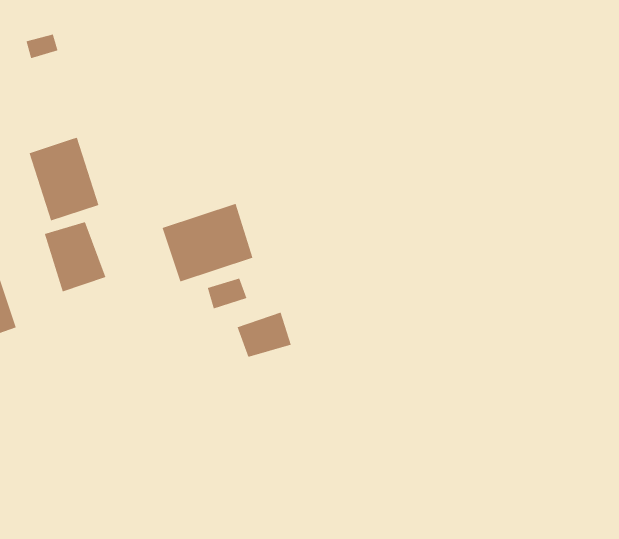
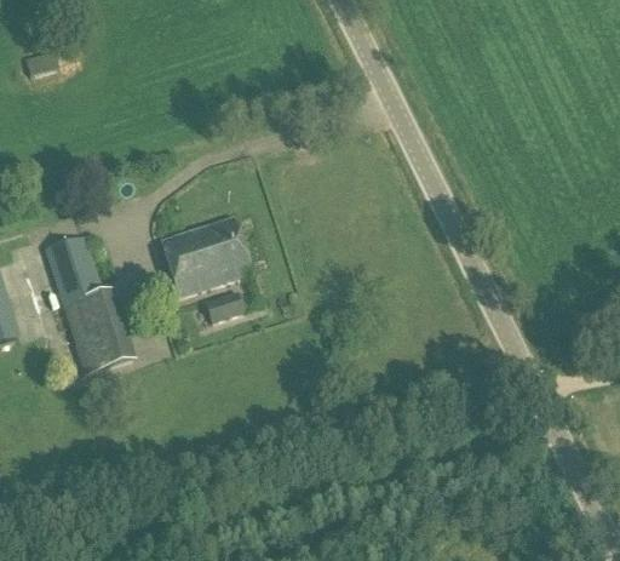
building: [28,137,100,222] -> [63,290,133,373]
building: [237,312,292,358] -> none

